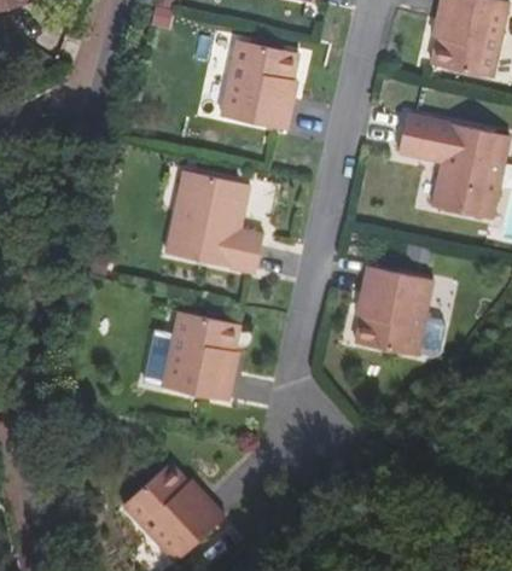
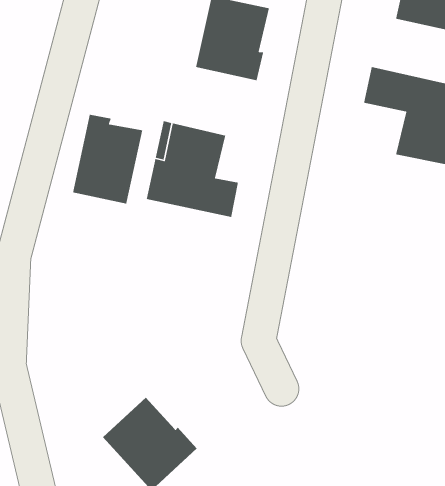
building: none -> [72,114,143,204]
building: [351,266,441,356] -> none
building: [146,313,243,402] -> none

